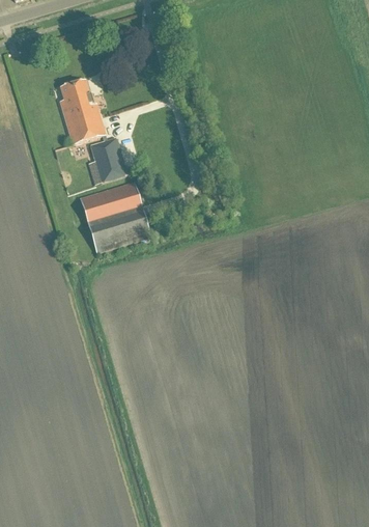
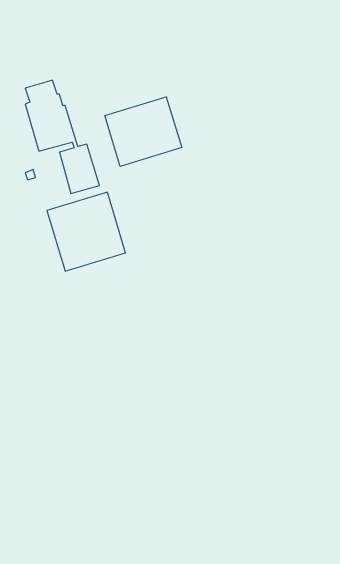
building: none -> [105,97,182,166]

